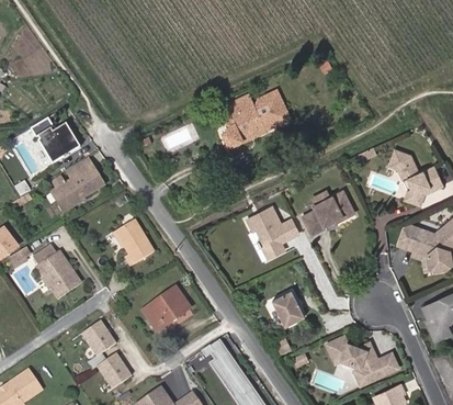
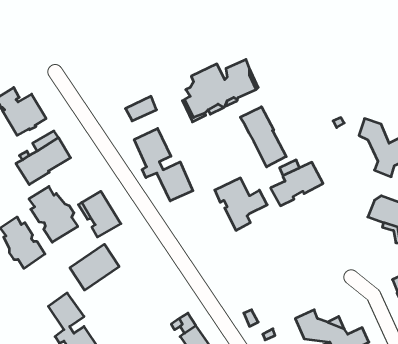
building: none -> [240,107,286,167]
building: none -> [134,128,193,201]
building: none -> [29,186,78,242]
building: [141,286,190,331] -> [70,244,119,290]
building: [271,290,304,326] -> none

